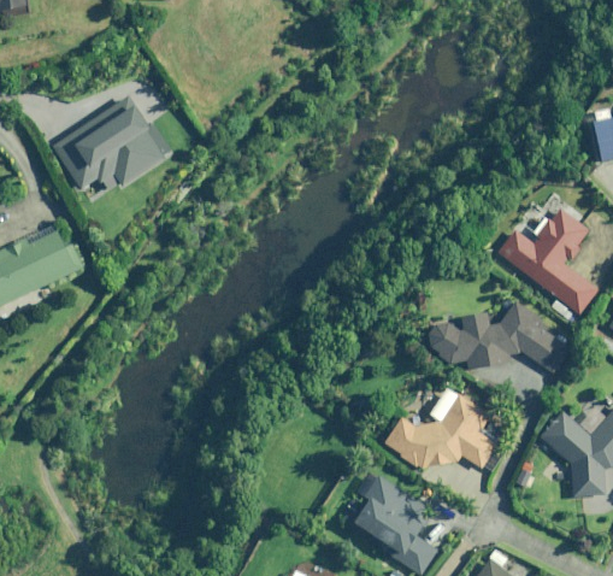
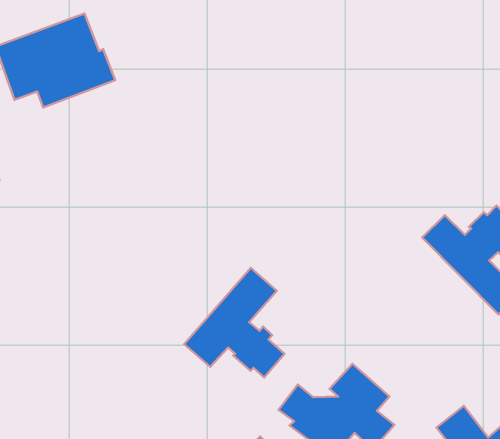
building: [430,301,567,370] -> none
building: none -> [184,268,284,378]

